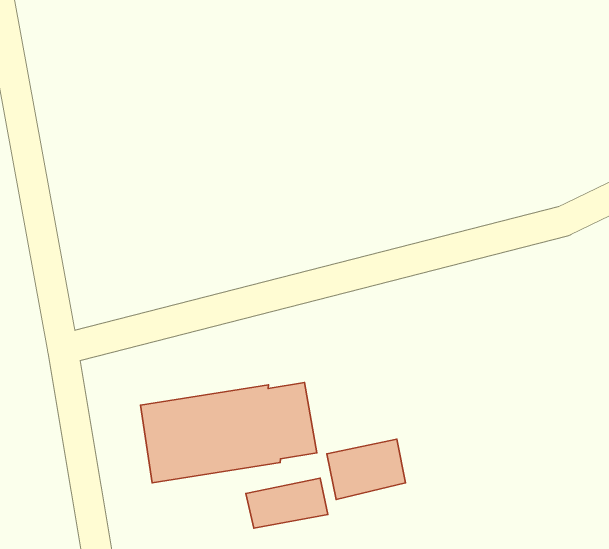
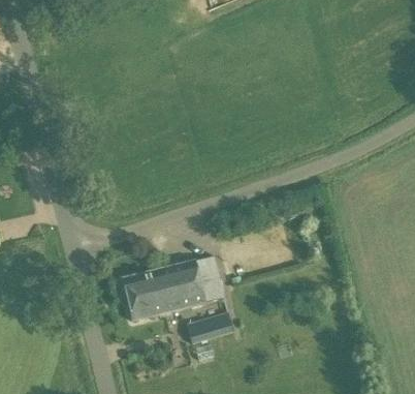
building: [327,439,405,499] -> none

